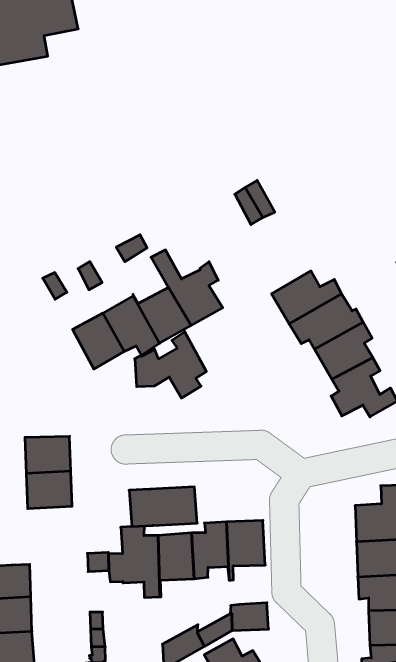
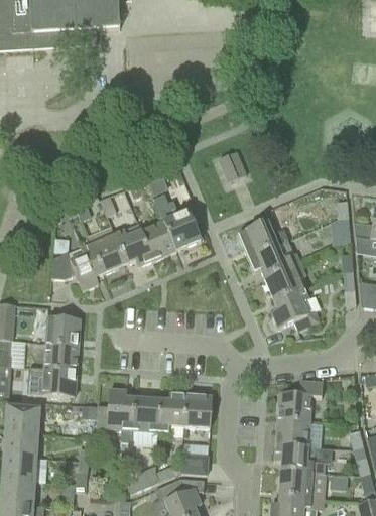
building: [135,332,206,398] -> [51,243,103,290]
building: [129,487,197,526] -> [27,367,76,396]

